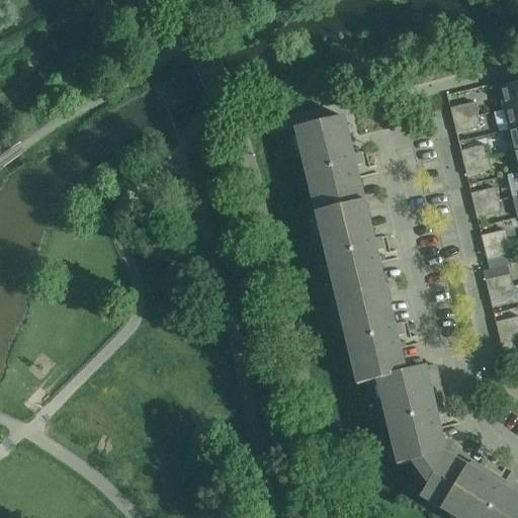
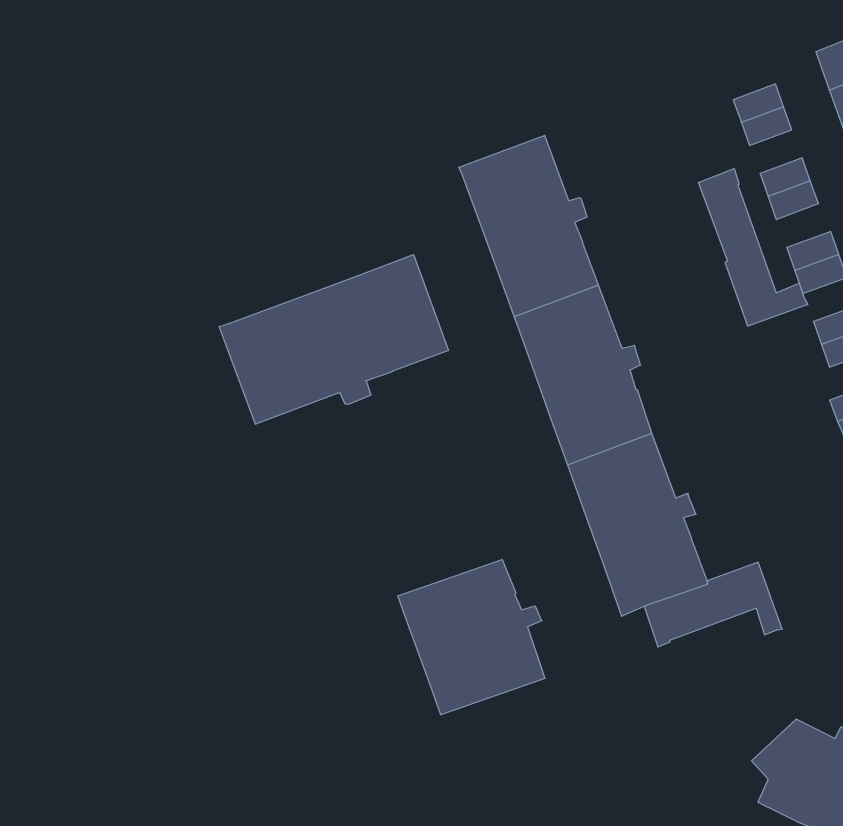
building: none -> [698,168,808,326]
building: none -> [219,255,449,424]
building: none -> [398,559,545,715]
building: [381,390,446,473] -> none

